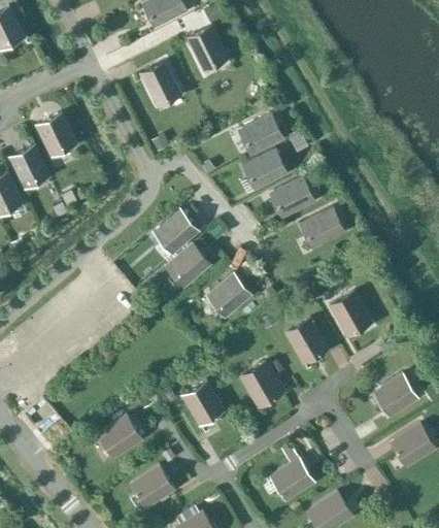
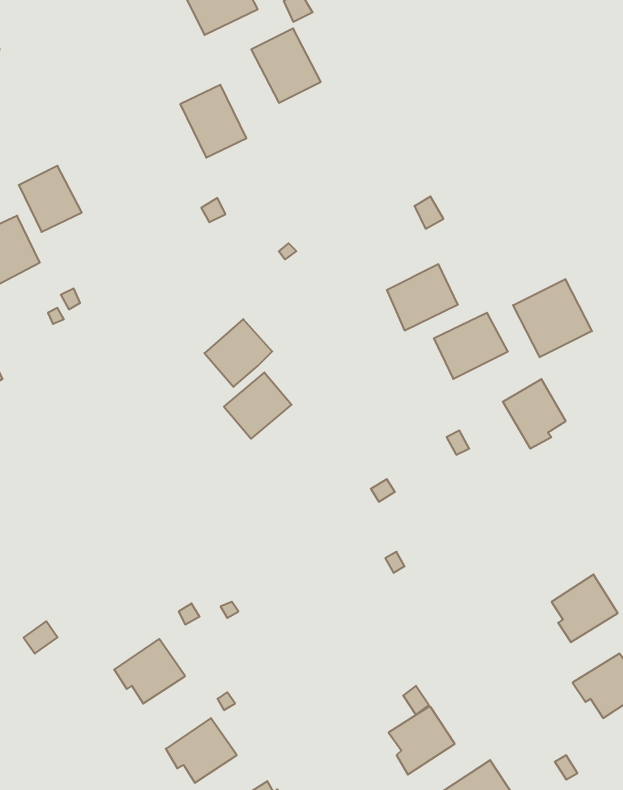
building: [239,113,285,156] -> none
building: [243,148,291,191] -> none
building: none -> [513,279,592,357]
building: [208,274,251,318] -> none
building: [329,293,369,337] -> [503,379,566,449]
building: [284,319,328,361] -> none
building: [239,363,282,405] -> none
building: [181,382,225,423] -> none

